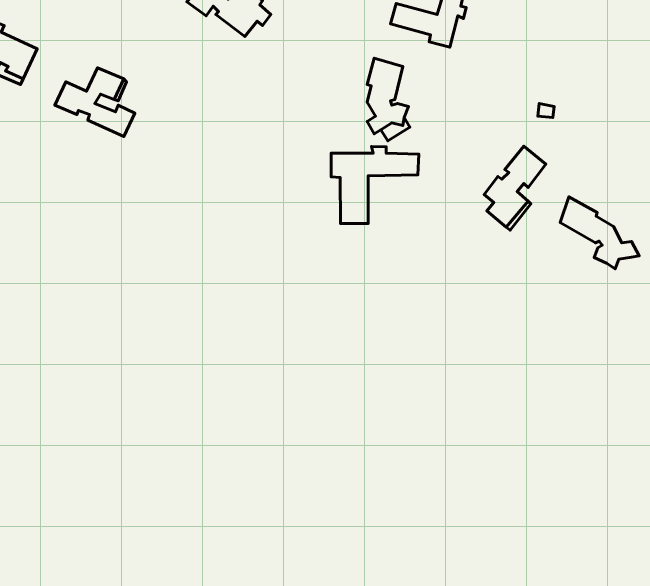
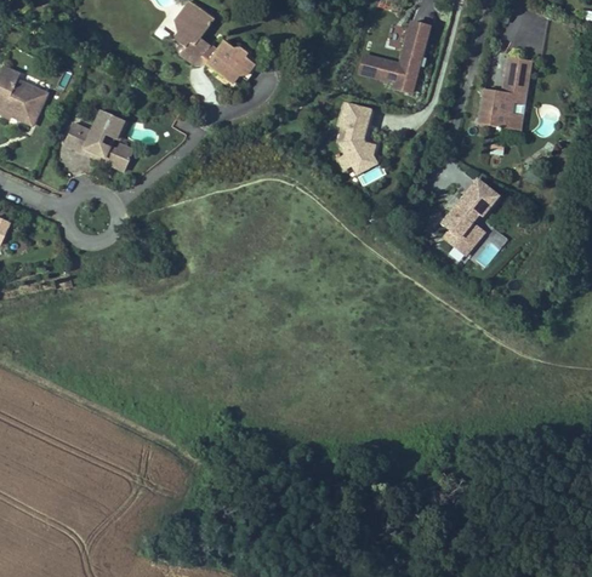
building: none -> [478,56,529,128]
building: [331,147,419,224] -> none
building: [560,197,639,269] -> none

